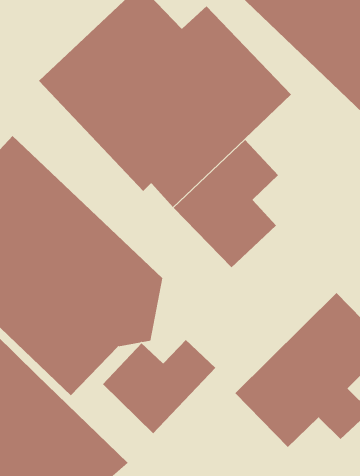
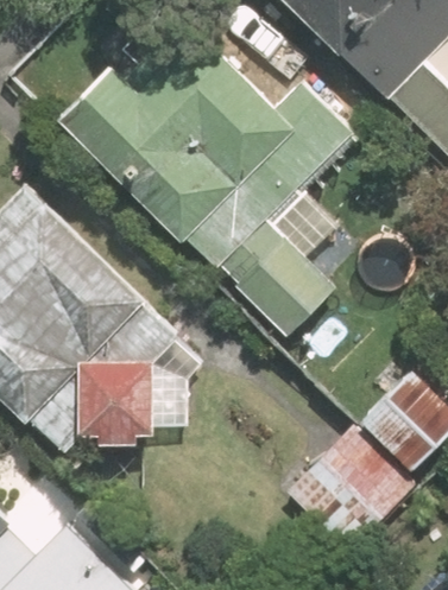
building: [102,339,216,434] -> none

